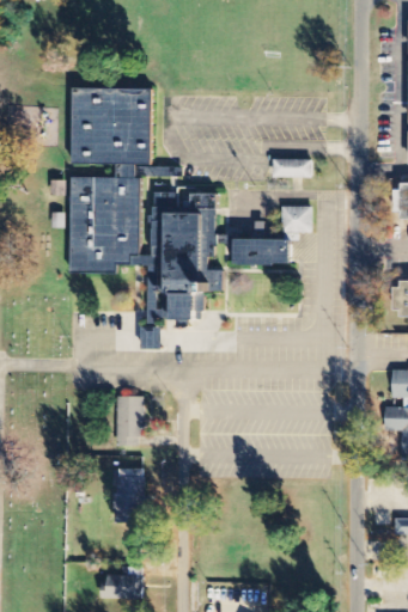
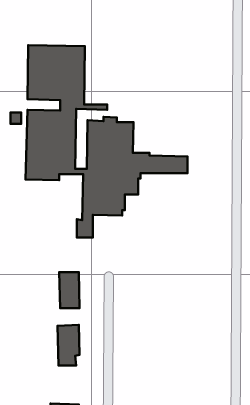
building: [272,159,310,178] -> none
building: [280,207,310,233] -> none

